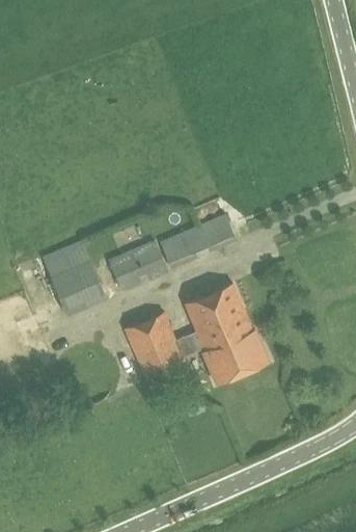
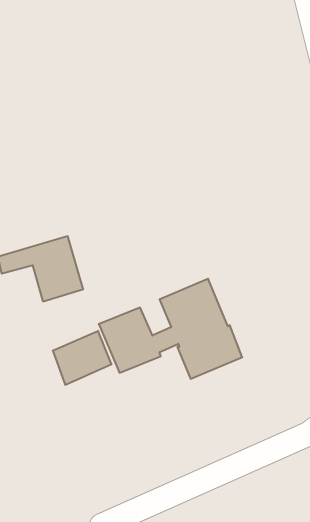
building: [160,214,236,268] -> none
building: [108,239,167,293] -> [53,331,112,385]

